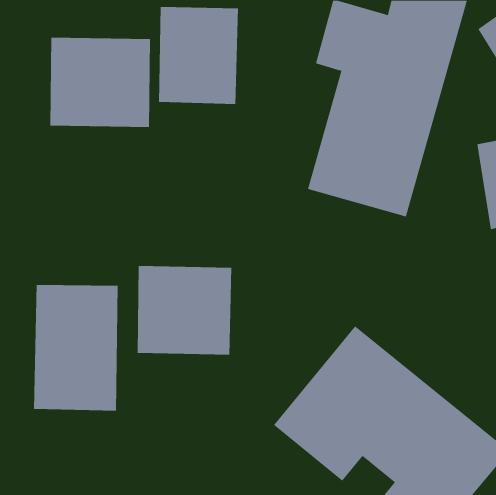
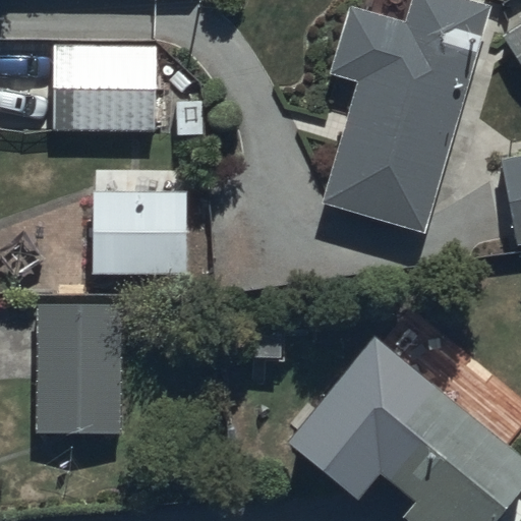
building: [158,6,239,105] -> none
building: [137,265,232,355] -> [91,181,190,275]

